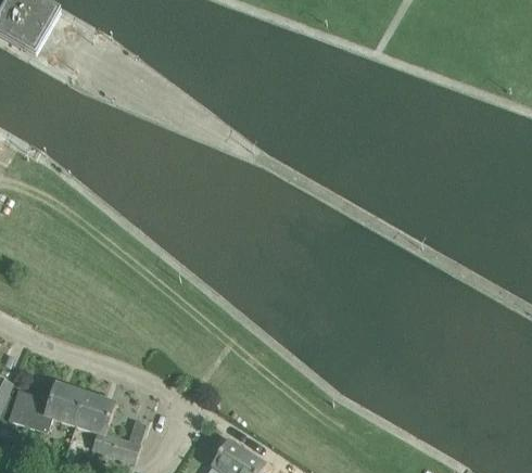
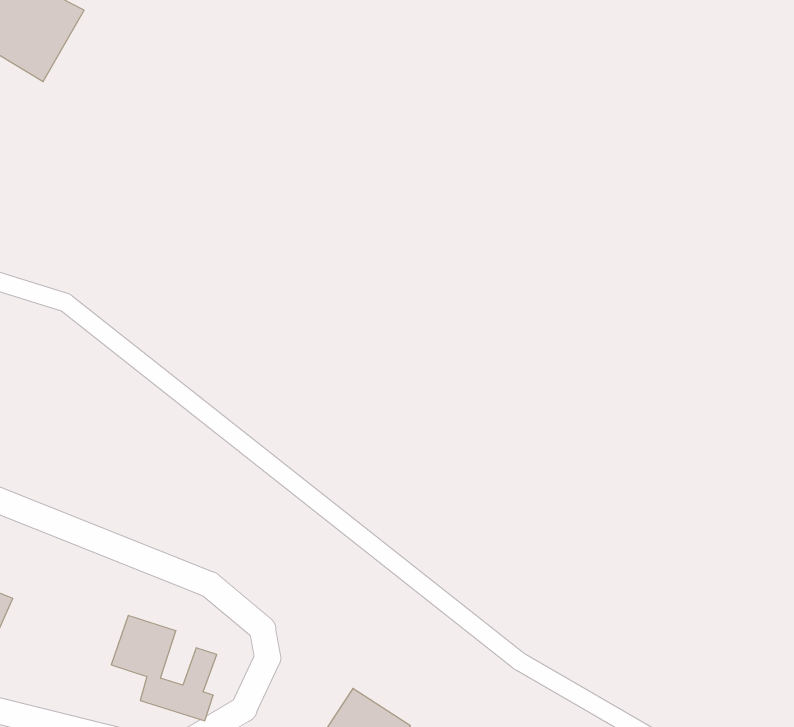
building: [7,384,84,434] -> none

